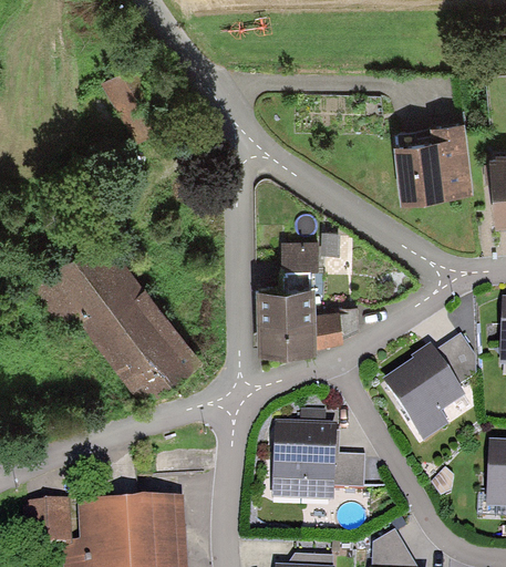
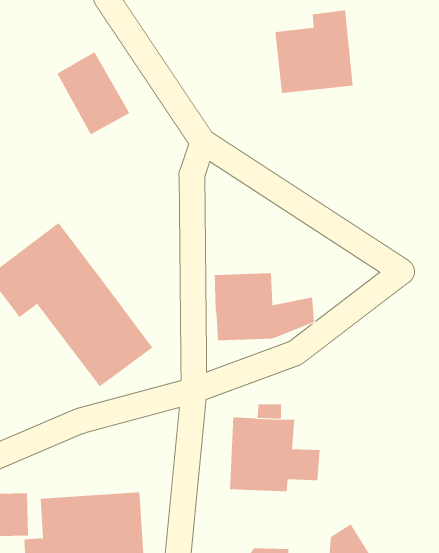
building: [392,113,472,197] -> [274,10,354,93]
building: [281,229,338,280] -> none
building: [381,336,476,443] -> none

